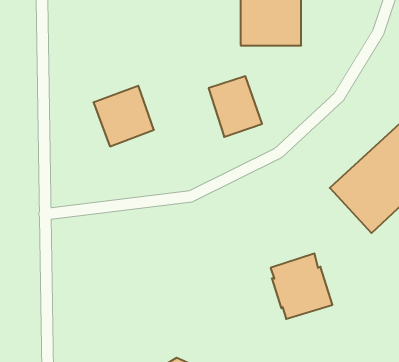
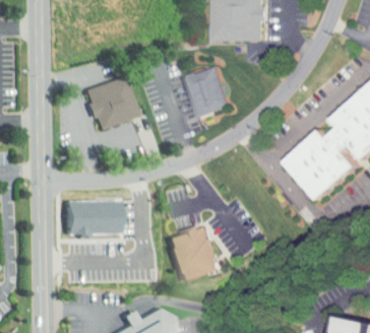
building: none -> [67,199,121,235]
building: [271,254,332,319] -> [167,225,220,281]

